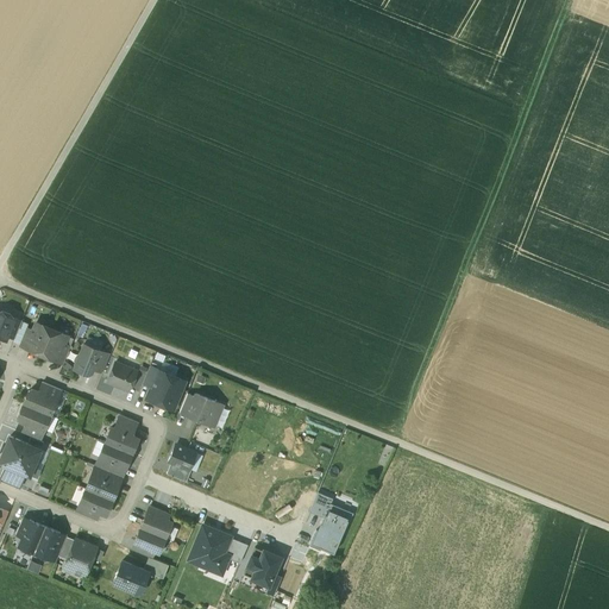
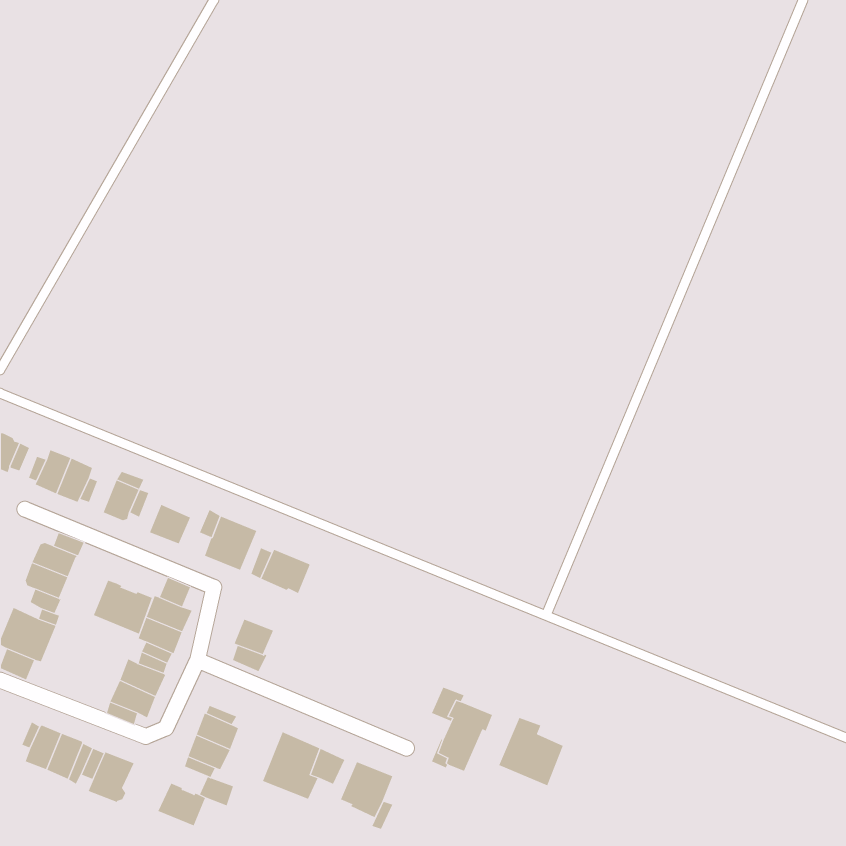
building: none -> [93,580,152,634]
building: none -> [499,717,563,786]

